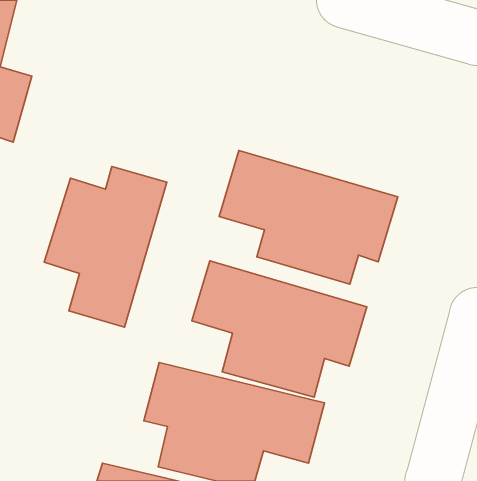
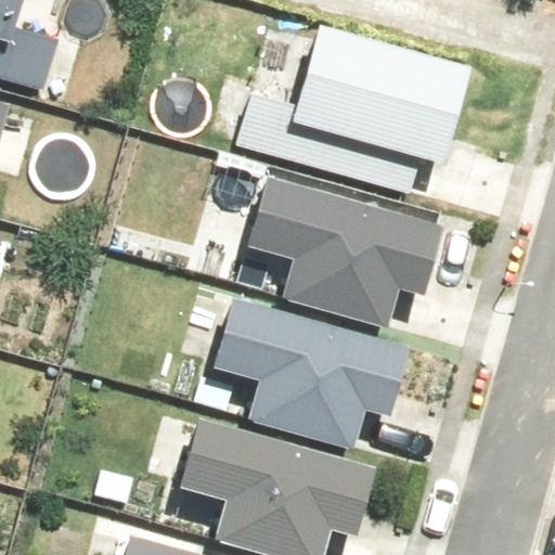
building: none -> [205,30,418,171]
building: [44,167,167,327] -> none

